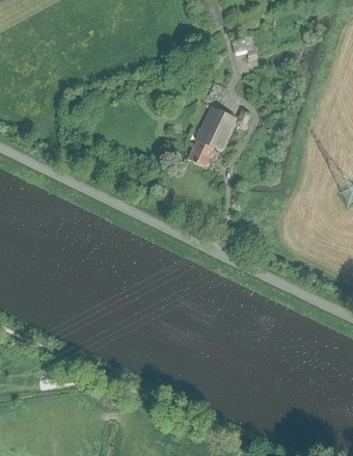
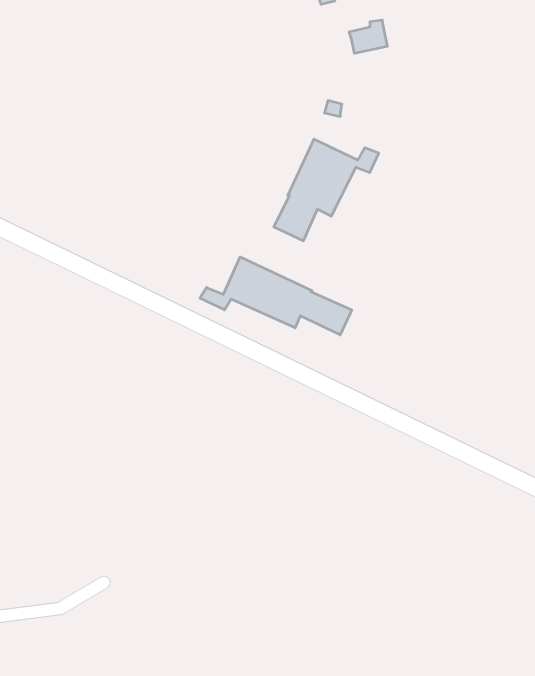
building: none -> [200,257,352,335]

